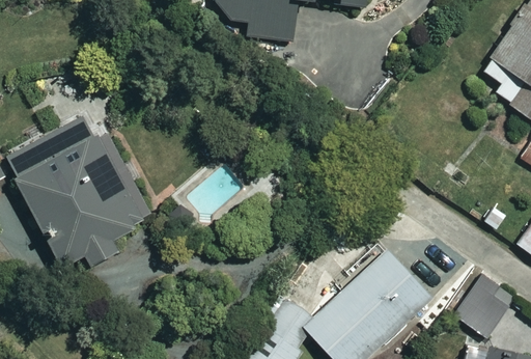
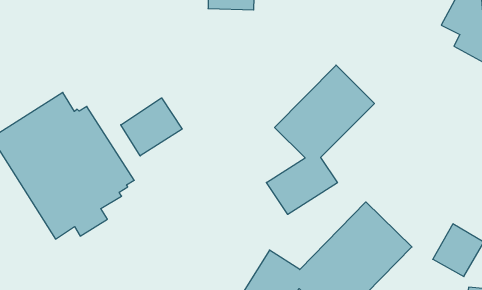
building: none -> [266,65,374,214]
building: none -> [121,98,182,156]

